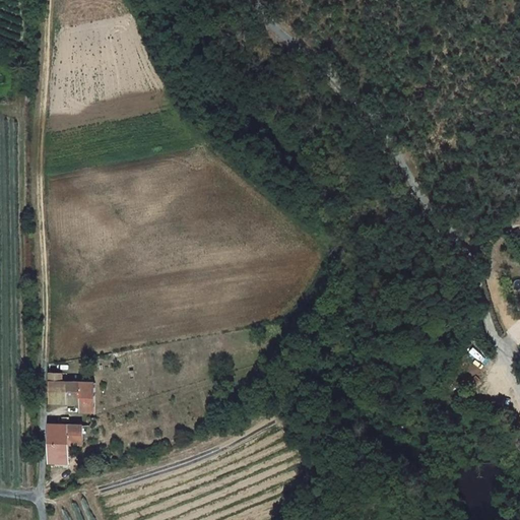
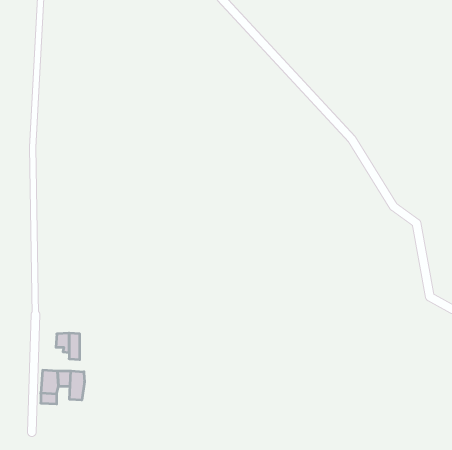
building: [47,373,65,403] -> none
building: none -> [70,371,84,400]

